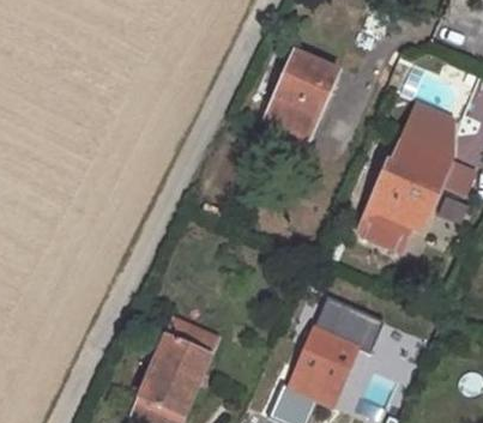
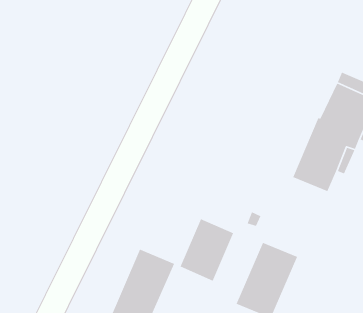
building: [266,52,338,137] -> none
building: none -> [179,218,234,282]

